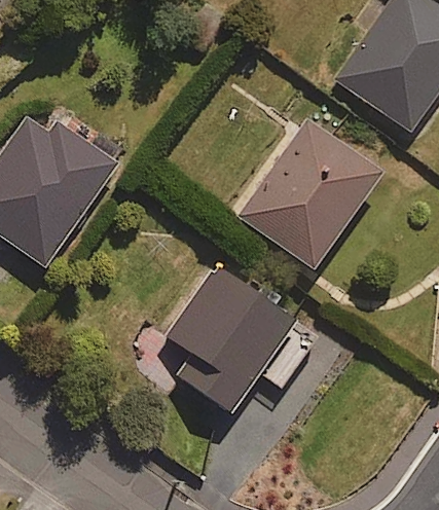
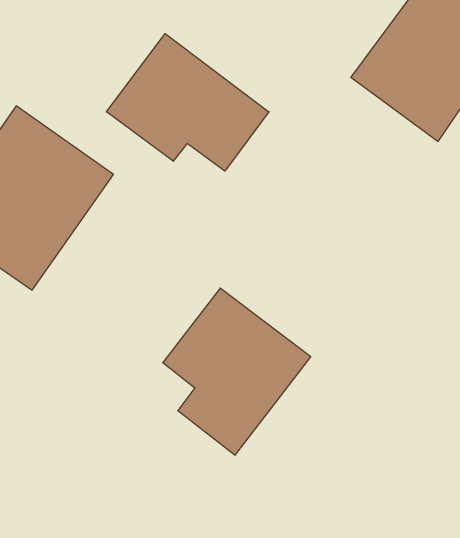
building: none -> [106,34,269,171]
building: [237,119,385,270] -> none

